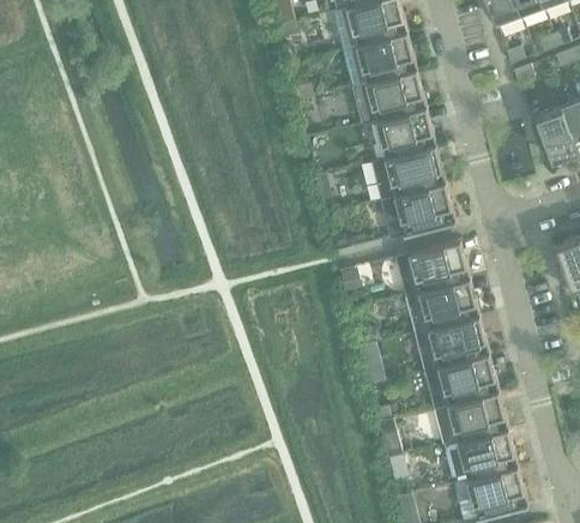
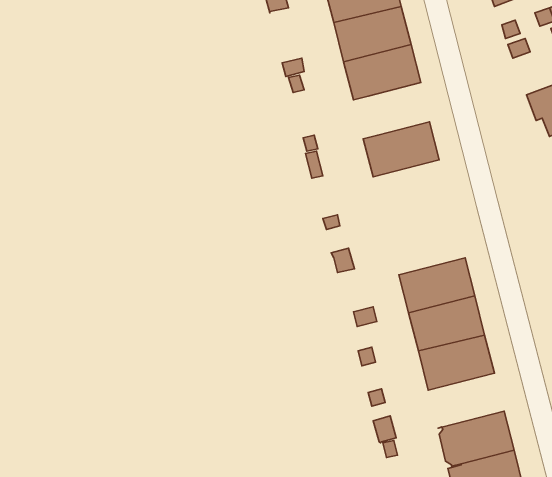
building: [374,108,434,160] -> none
building: [379,184,454,239] -> none
building: [394,241,469,296] -> none
building: [433,392,507,446] -> none

